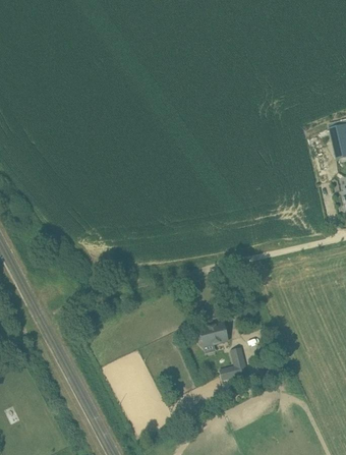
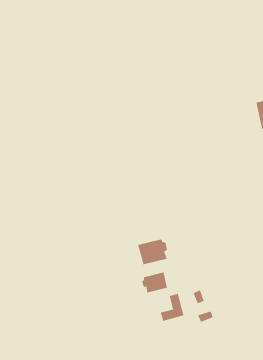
building: none -> [137,238,168,265]

